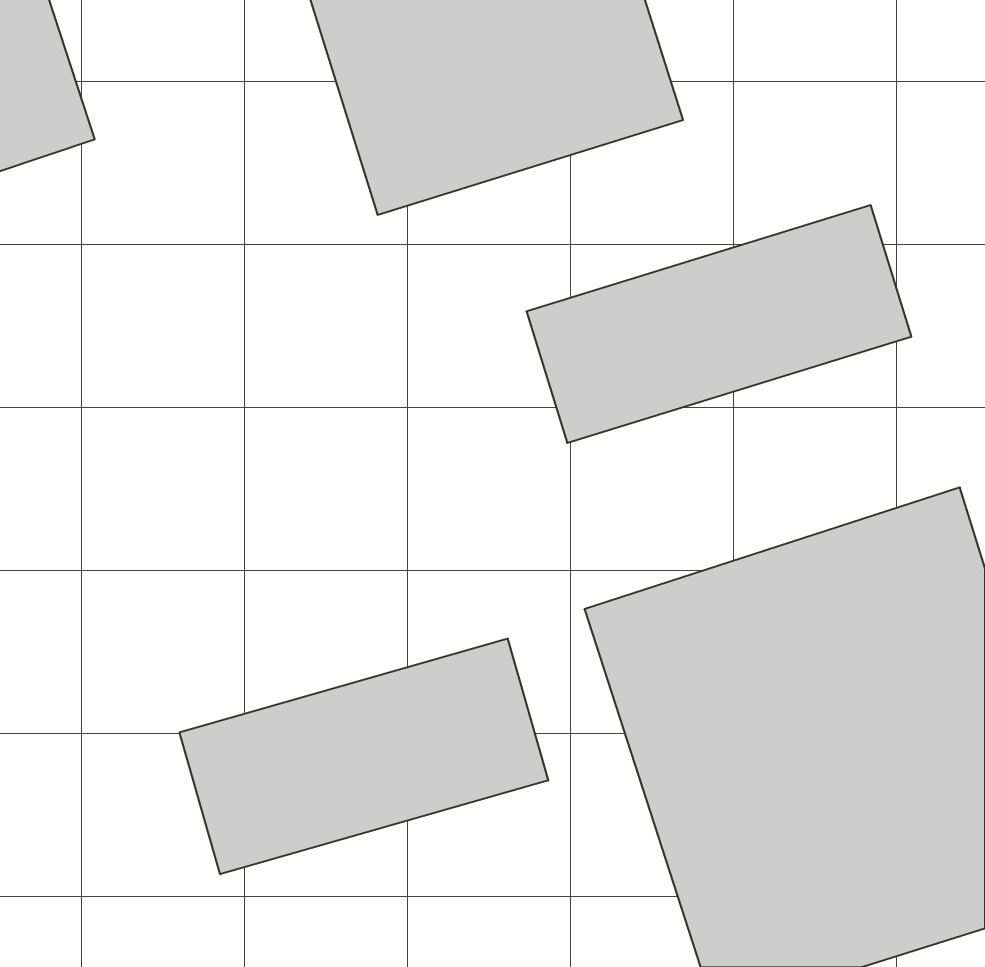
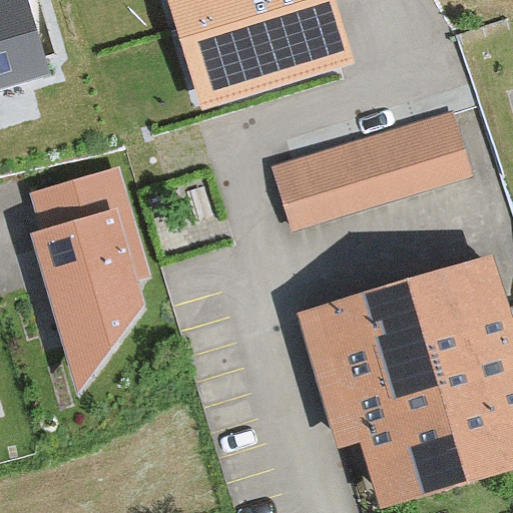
building: none -> [28,161,149,394]
building: [180,638,548,874] -> none

